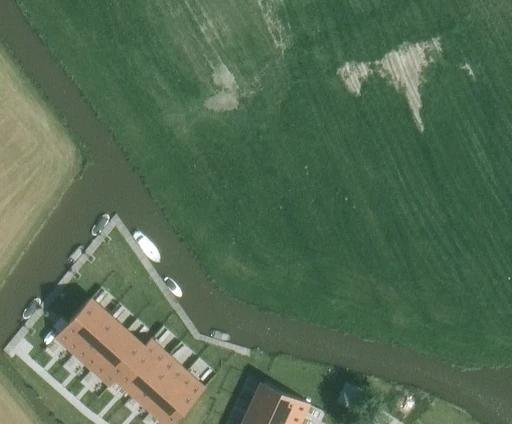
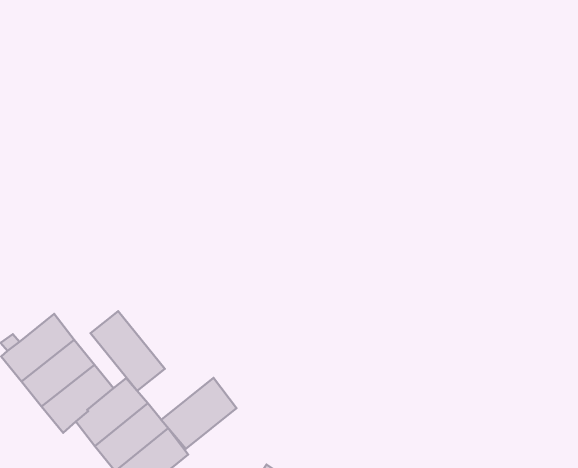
building: none -> [90,311,165,391]
building: none -> [161,378,237,449]

